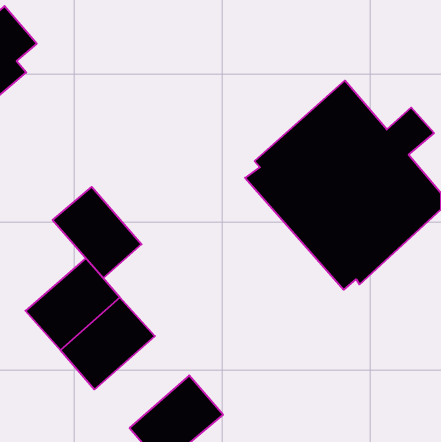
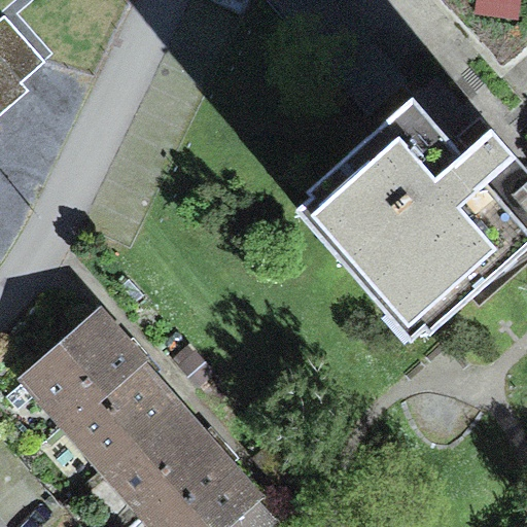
building: [53,187,142,278] -> none
building: none -> [111,401,222,510]

